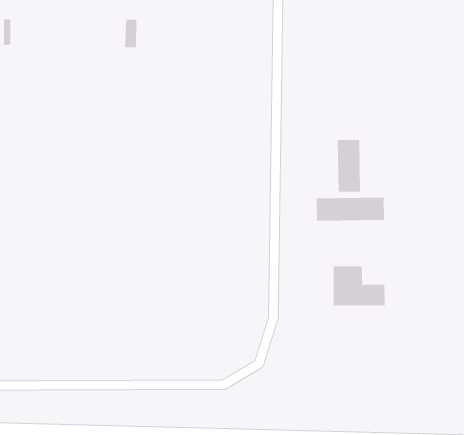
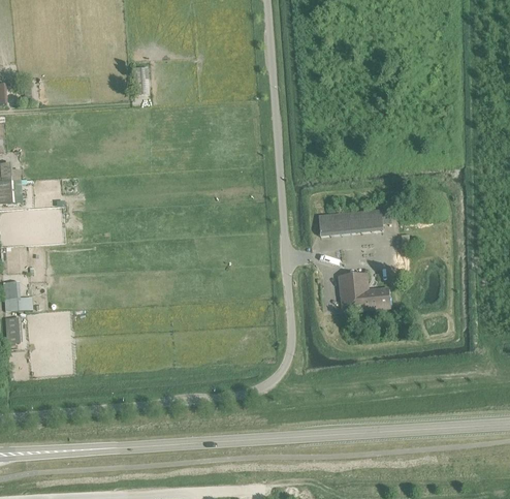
building: [337,139,361,193] -> none

